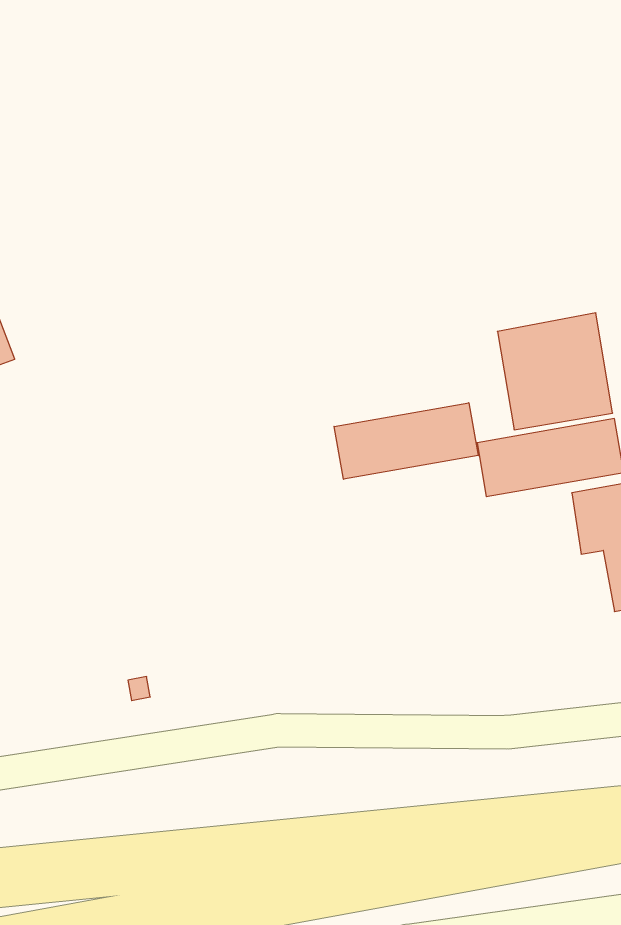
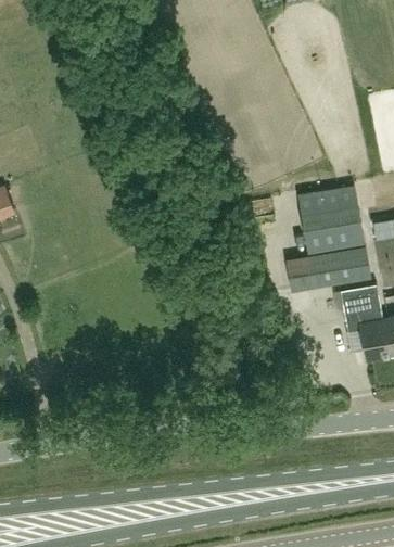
building: [334,403,478,479] -> none

